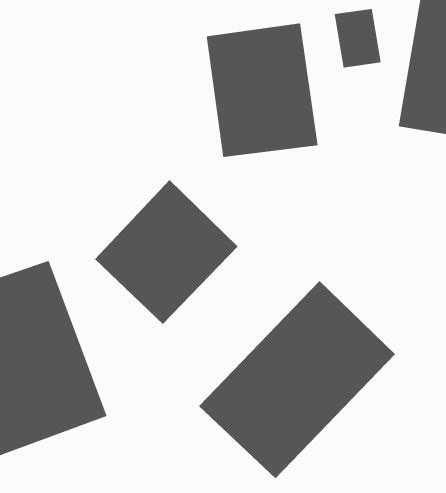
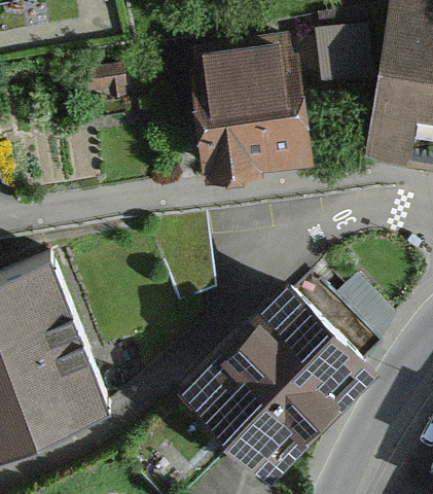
building: [94,179,238,325] -> none

